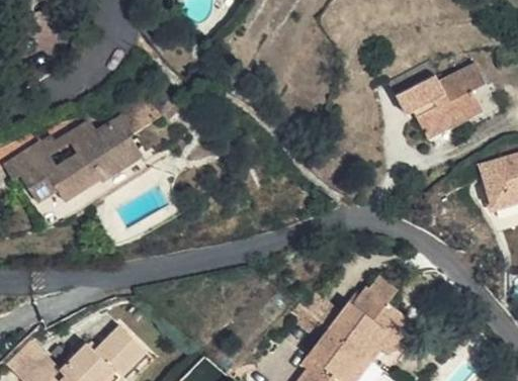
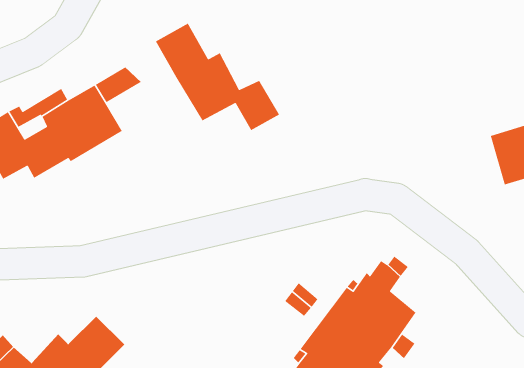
building: none -> [155,23,280,131]
building: [388,62,486,136] -> none

